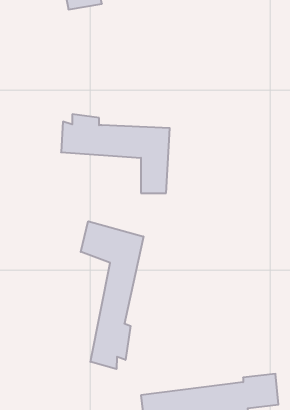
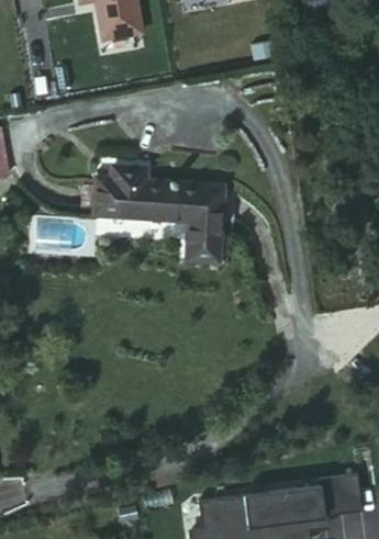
building: [81,221,143,369] -> none

